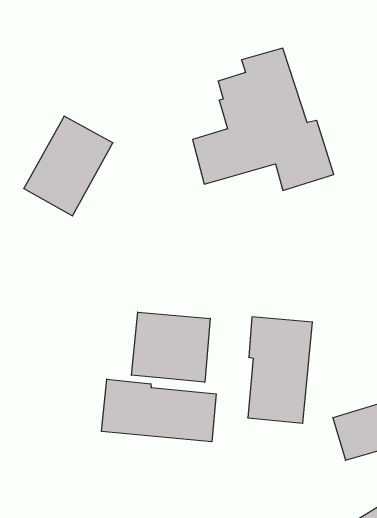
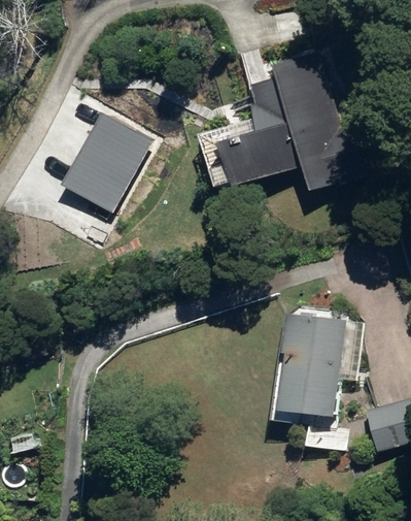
building: [131,312,210,382] -> none
building: [101,379,216,442] -> none

